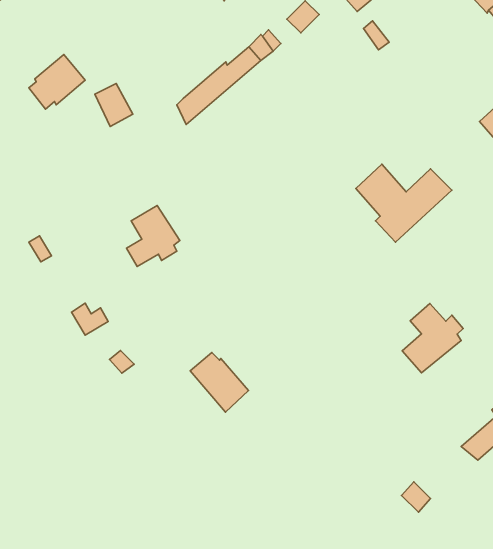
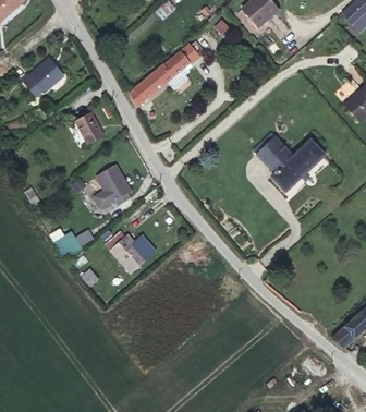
building: [95,84,133,126] -> [76,112,103,143]
building: [402,303,463,373] -> none
building: [190,353,248,412] -> [106,230,147,272]

